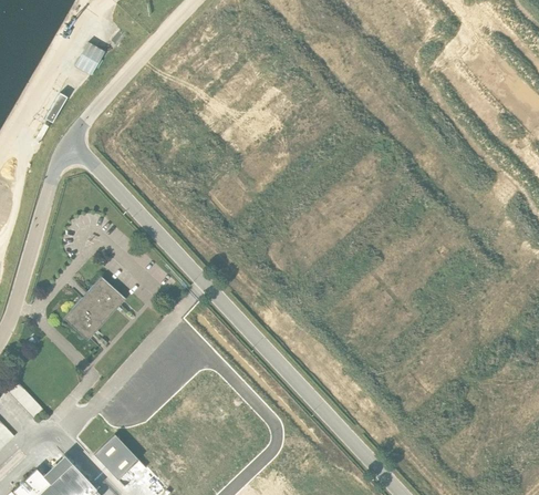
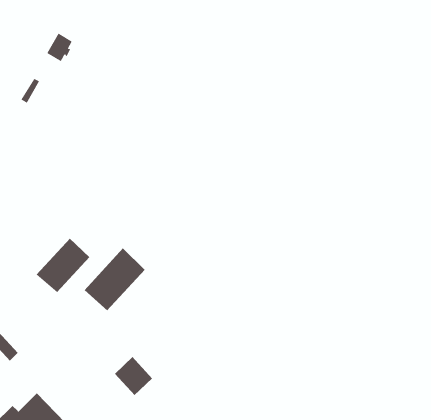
building: none -> [84,247,145,311]
building: [94,435,138,481] -> [114,356,153,396]

